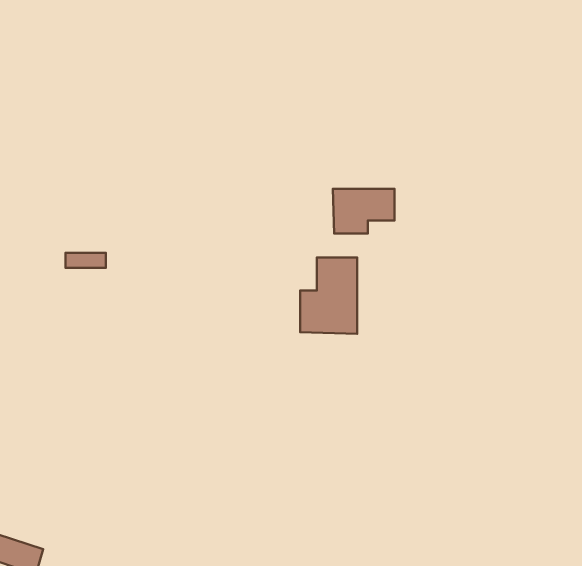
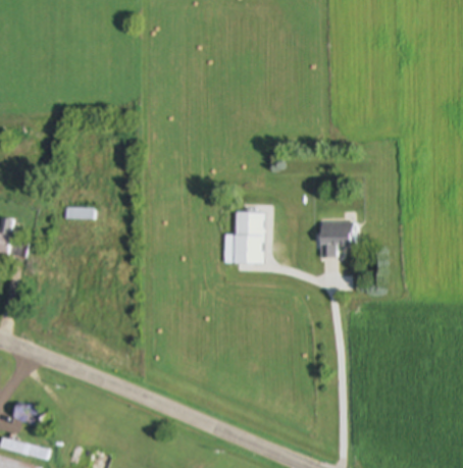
building: [333,189,394,233] -> none
building: none -> [320,220,355,257]

